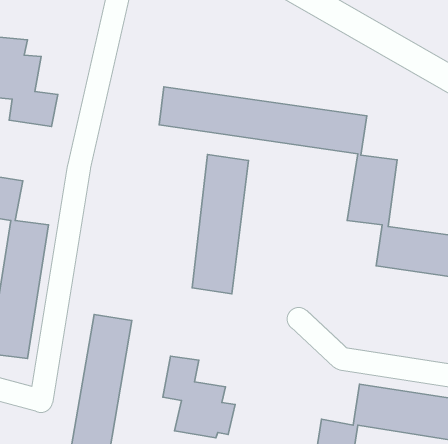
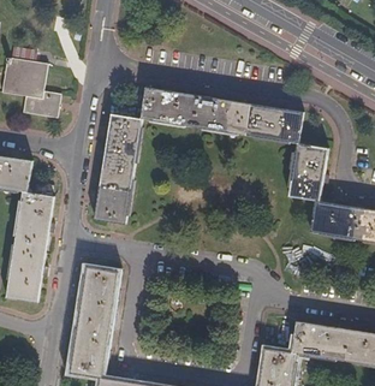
building: [192,154,248,294] -> [97,112,142,222]
building: [163,356,235,438] -> none

